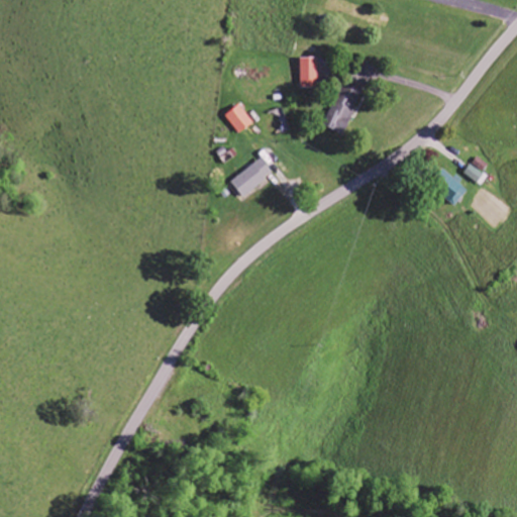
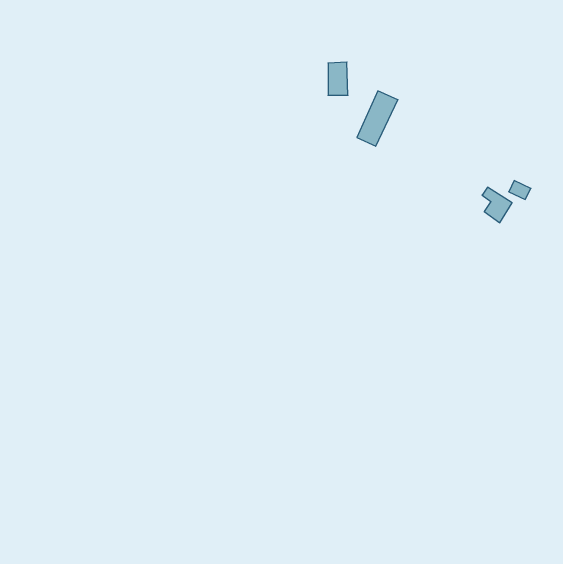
building: [225,104,251,132] -> none
building: [230,157,273,196] -> none

